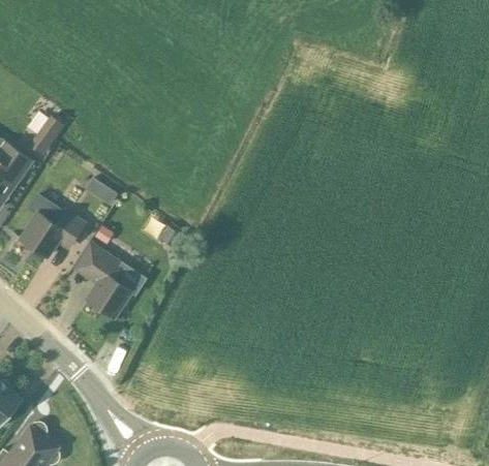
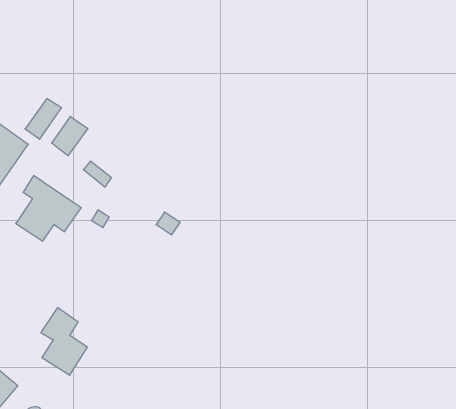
building: none -> [52,116,88,156]
building: [85,250,131,317] -> [41,308,88,375]

